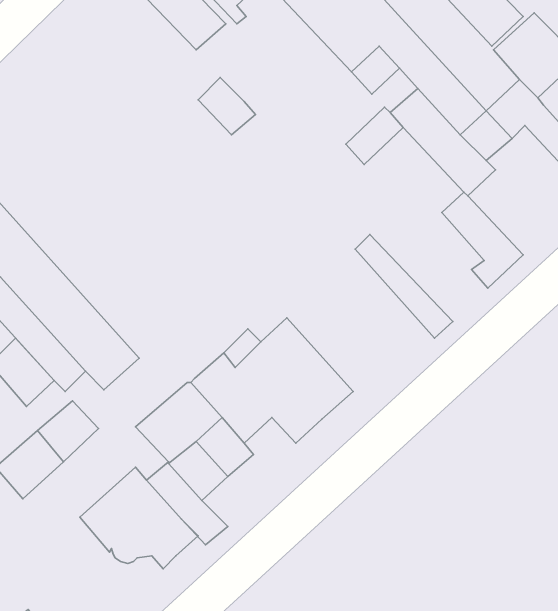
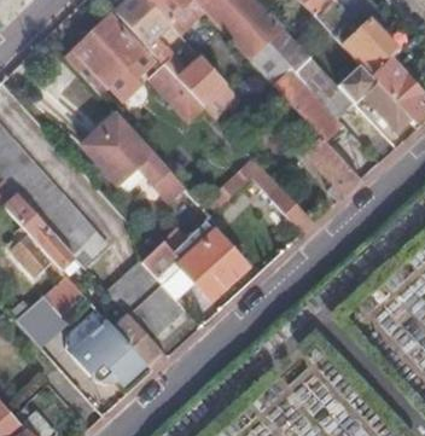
building: none -> [68,18,144,93]
building: none -> [179,58,226,105]
building: none -> [83,114,188,202]

